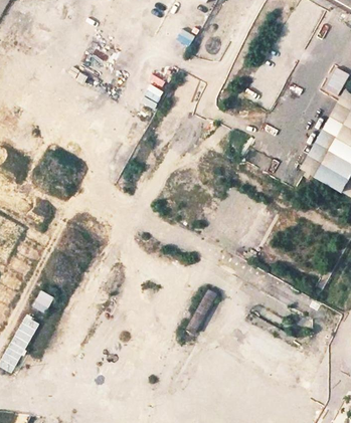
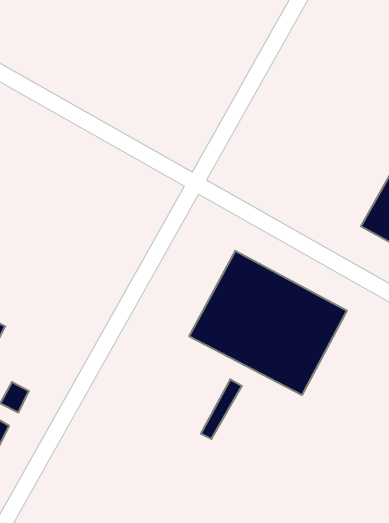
building: none -> [189,251,347,395]

